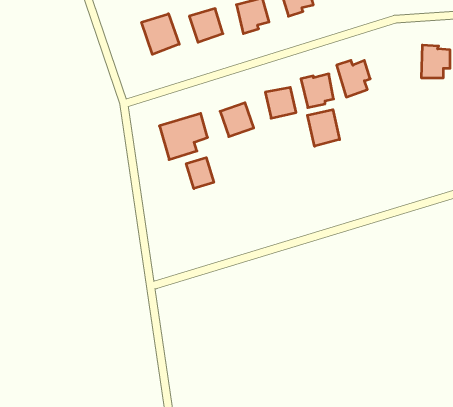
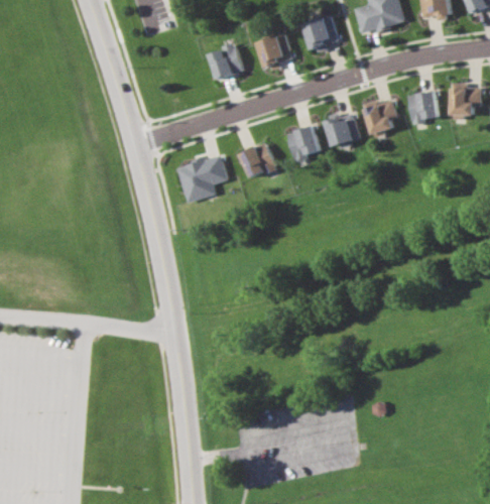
building: [142,14,179,54] -> none
building: none -> [407,91,440,122]
building: [307,110,340,146] -> none
building: [186,158,214,189] -> none

